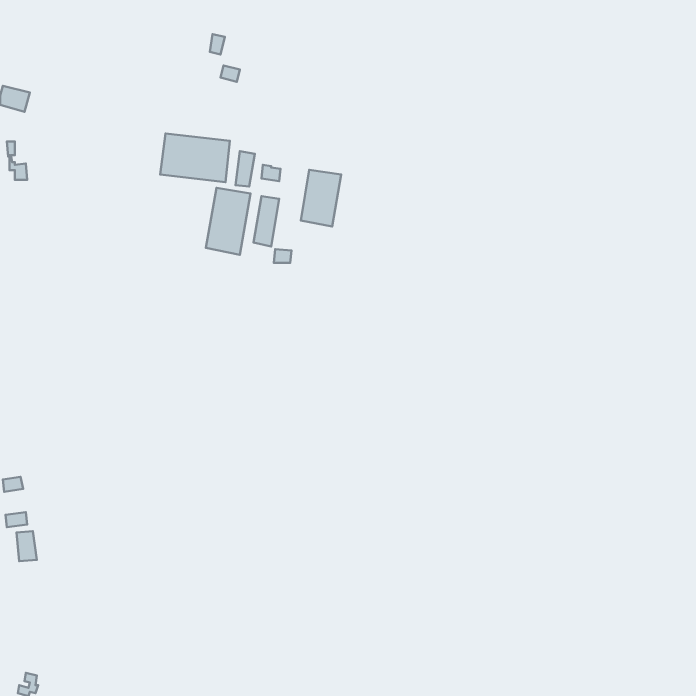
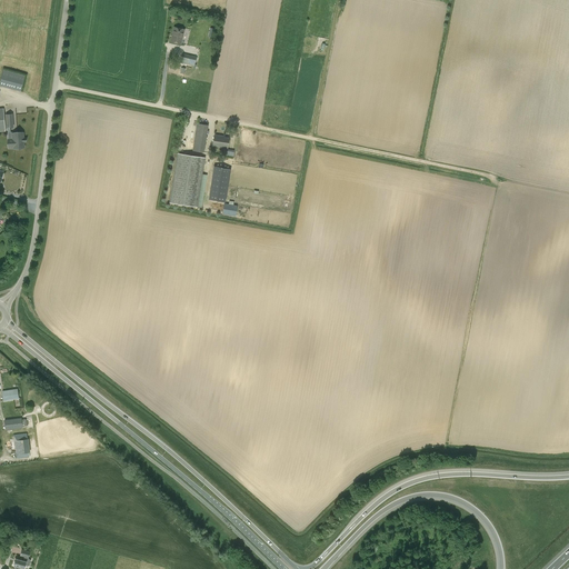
building: [160,133,230,182] -> none
building: [301,170,341,226] -> none

